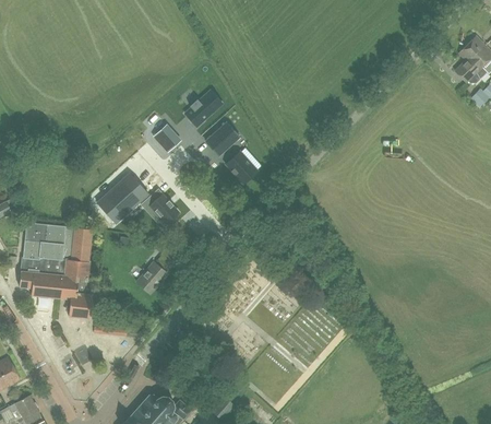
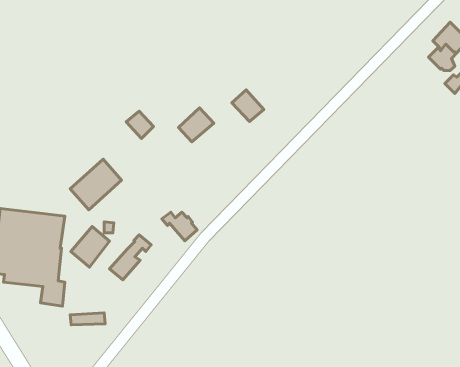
building: [183,93,214,123] -> none
building: [226,151,258,182] -> [232,90,264,122]
building: [143,195,178,223] -> [162,212,197,241]
building: none -> [71,227,109,267]

